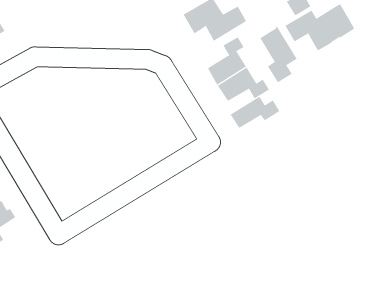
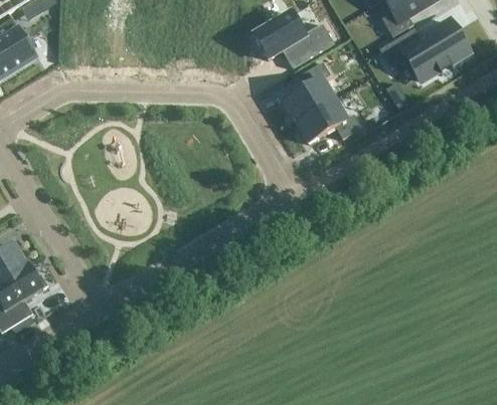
building: [260,25,298,83] -> none
building: [229,96,280,129] -> none

